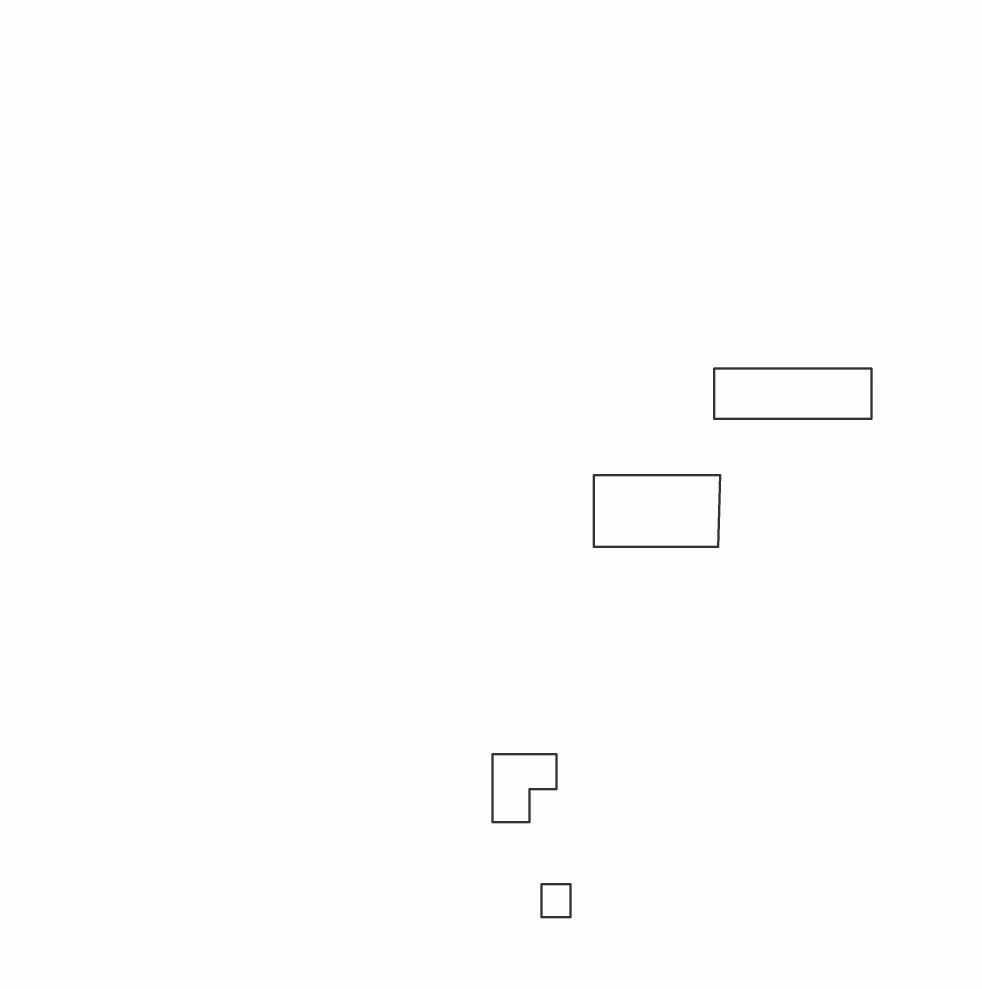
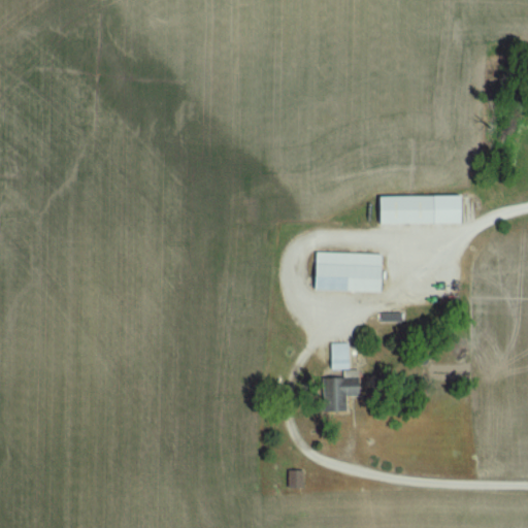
building: none -> [331,343,348,369]
building: [493,754,557,822] -> [326,377,360,414]

